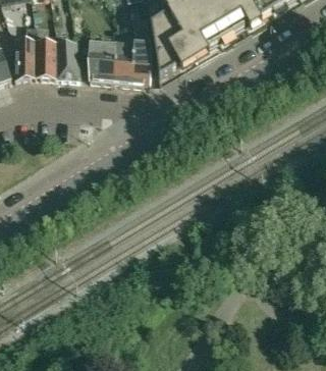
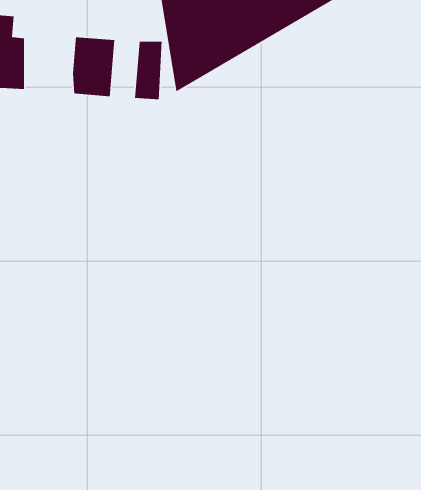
building: [40,33,63,79] -> none
building: [99,43,118,84] -> none

